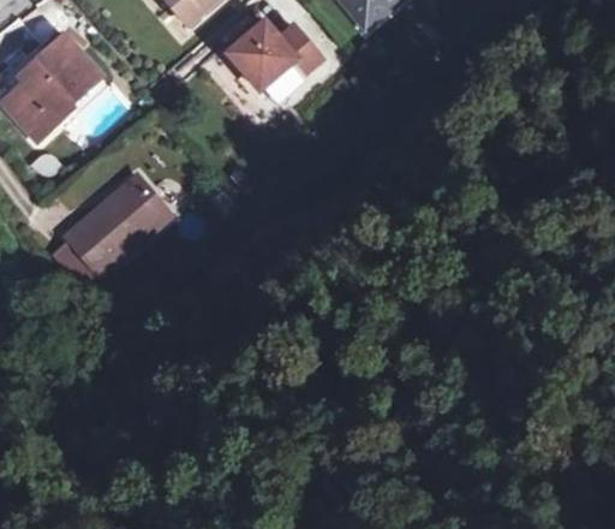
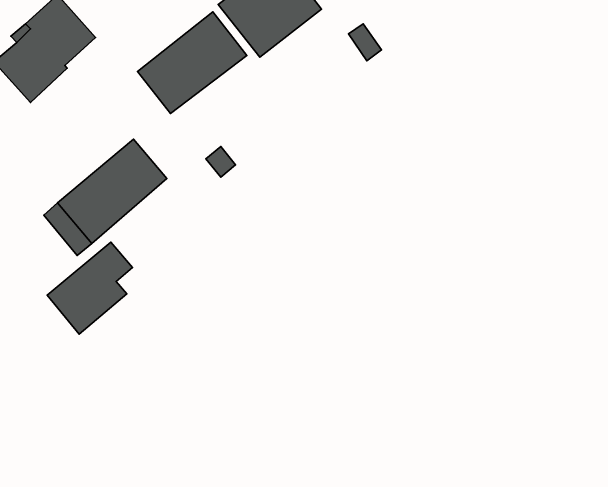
building: none -> [137,12,247,113]
building: none -> [47,242,133,334]

